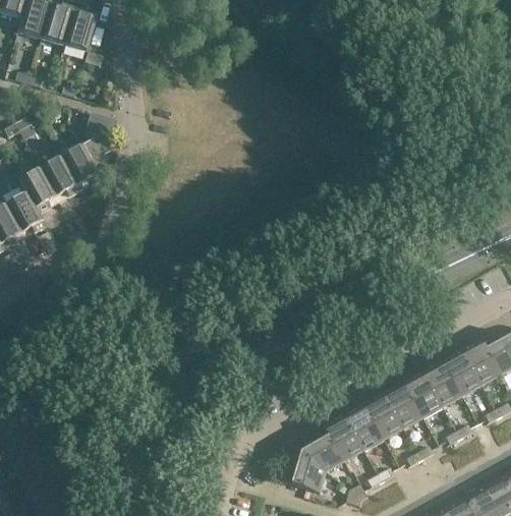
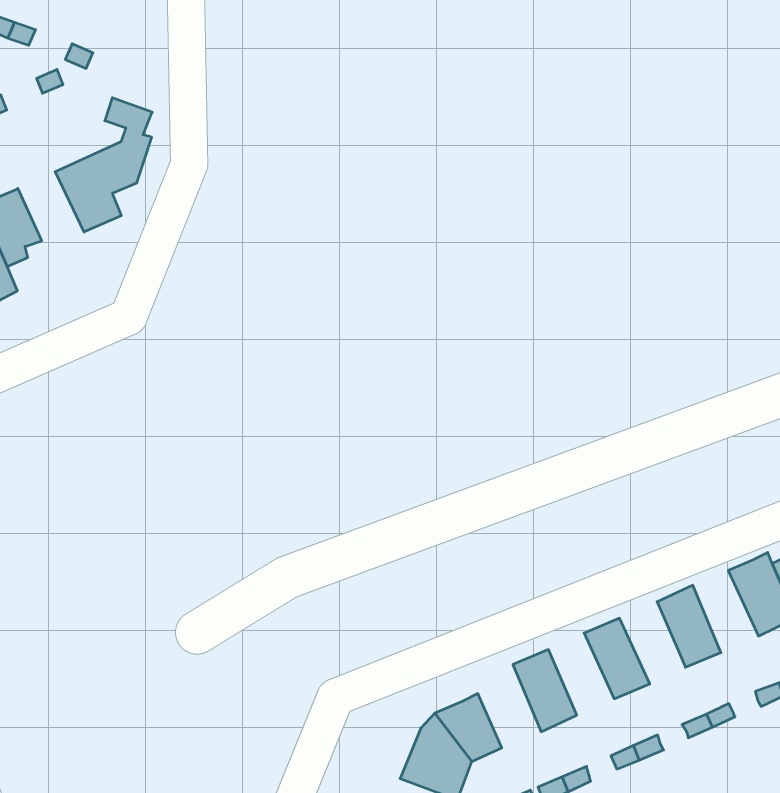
building: [41,157,80,196] -> none
building: [443,348,482,395] -> none
building: [403,369,443,416] -> none
building: [364,391,404,438] -> none
building: [324,412,364,460] -> none

